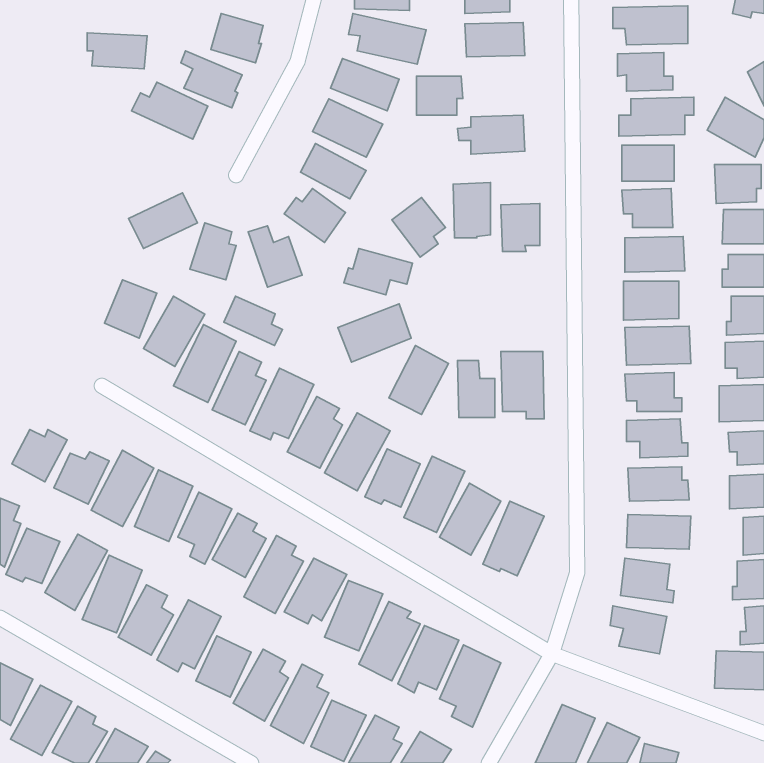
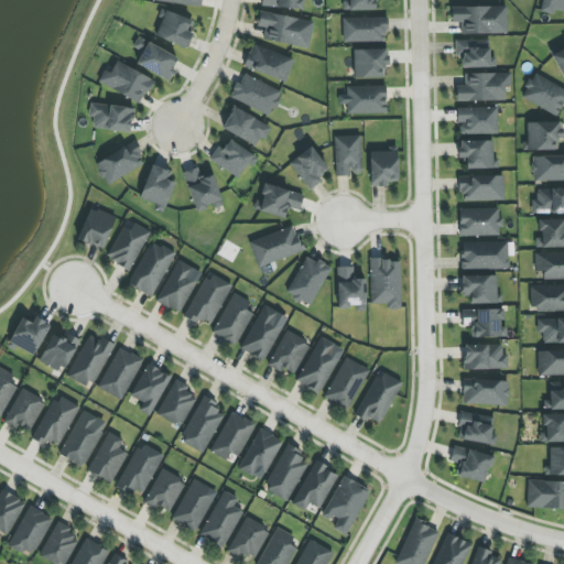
building: [87,33,147,69] -> [89,104,133,130]
building: [416,76,463,115] -> [354,48,388,77]
building: [224,296,283,345] -> none

